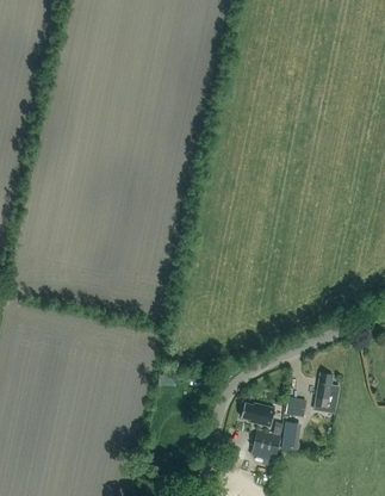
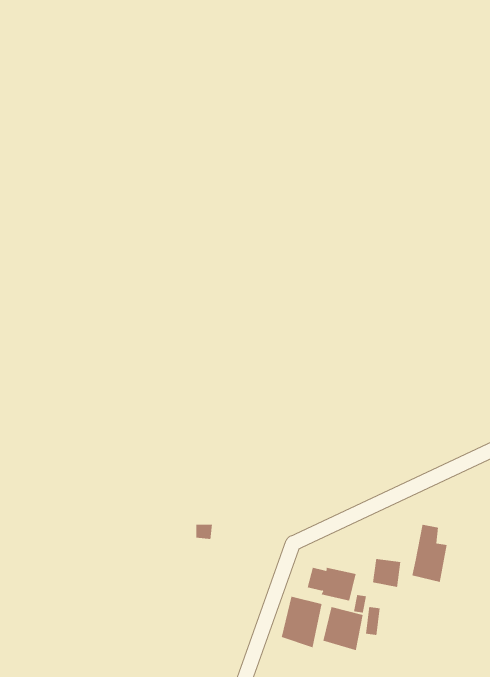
building: none -> [281,596,322,648]

